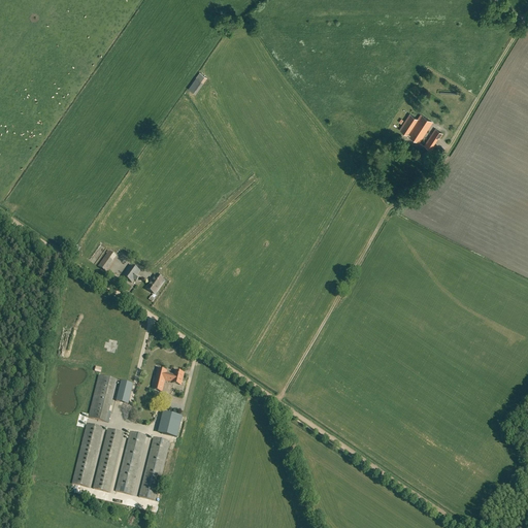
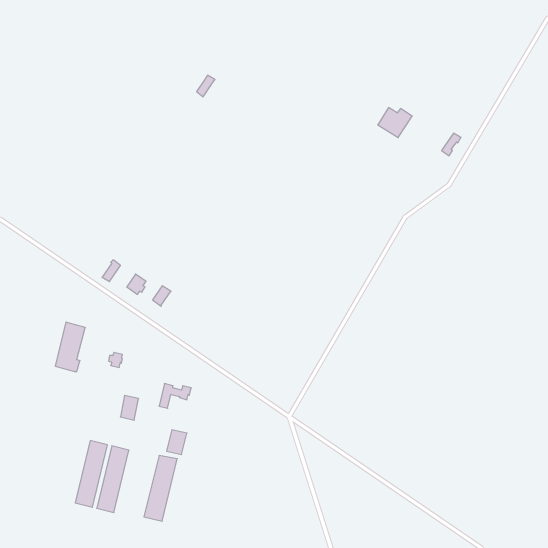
building: [400,112,433,141] -> [378,108,412,138]
building: [89,374,118,422] -> [55,322,85,371]
building: [117,431,147,495] -> none

